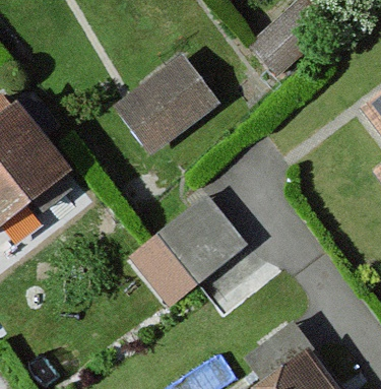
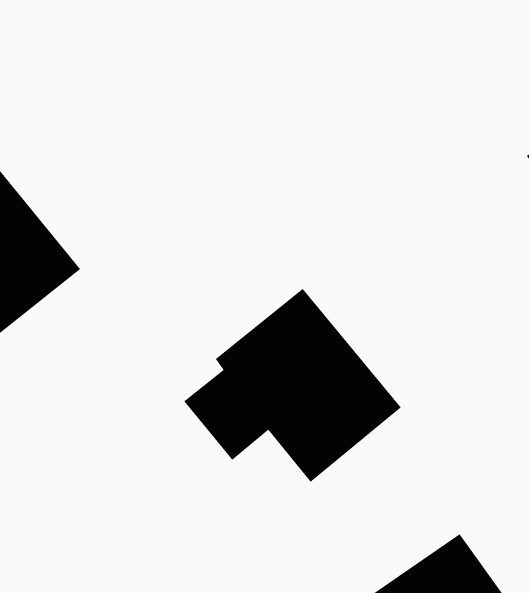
building: [110,49,225,161] -> none

